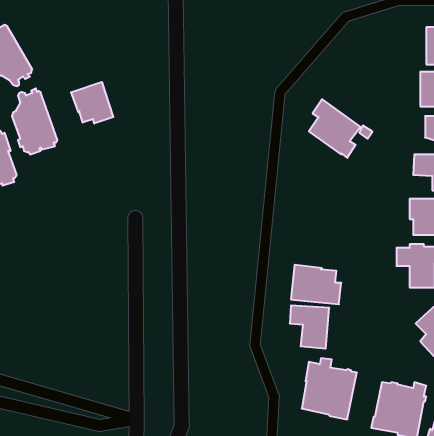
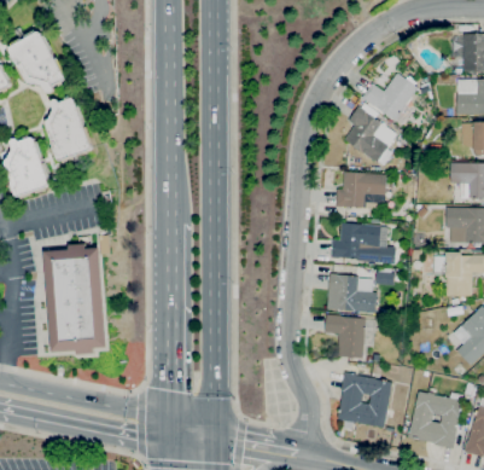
building: none -> [361,72,416,121]
building: [71,82,113,124] -> none
building: none -> [334,172,385,209]
building: none -> [330,222,380,262]
building: none -> [43,243,106,355]

